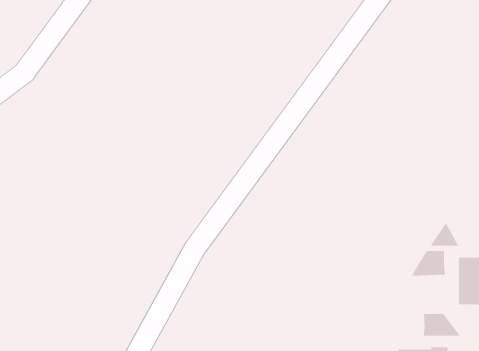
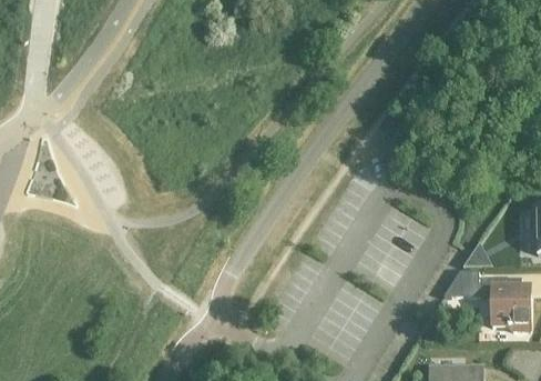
building: [423,313,461,336] -> none

